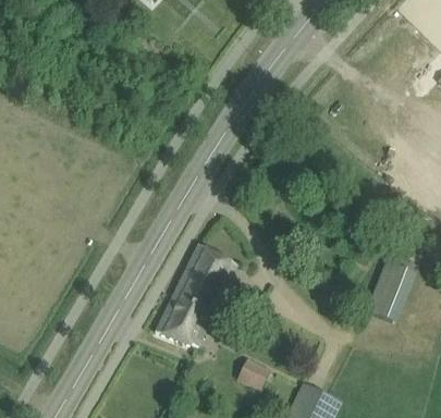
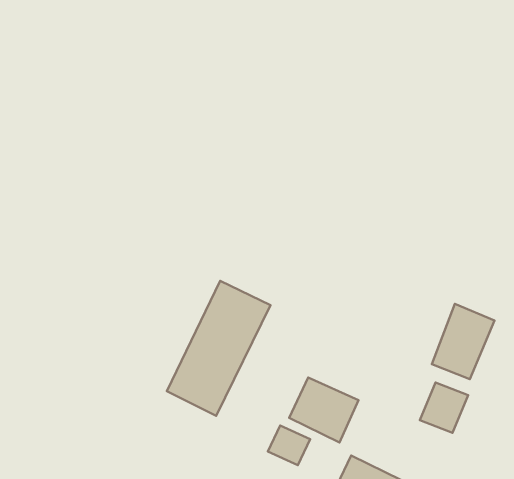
building: none -> [289,378,359,442]
building: none -> [420,382,468,433]

